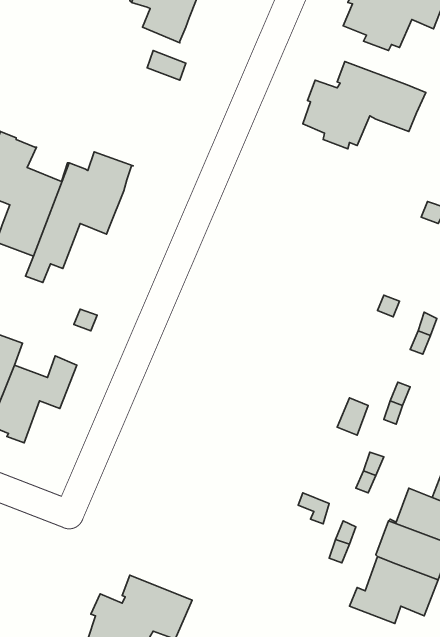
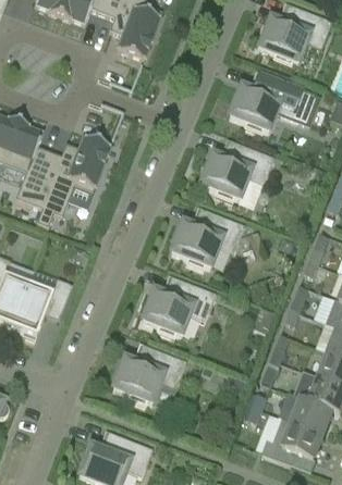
building: none -> [199,139,272,201]
building: none -> [170,208,243,269]
building: none -> [141,275,215,337]
building: none -> [112,344,185,405]

